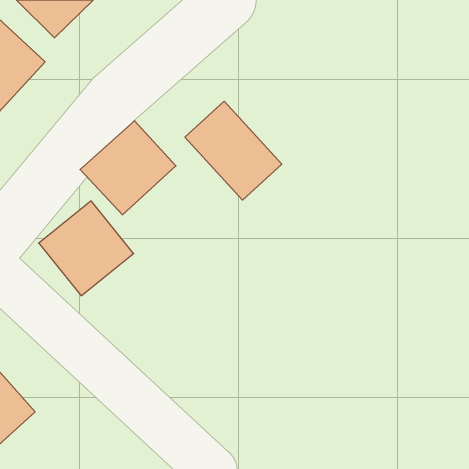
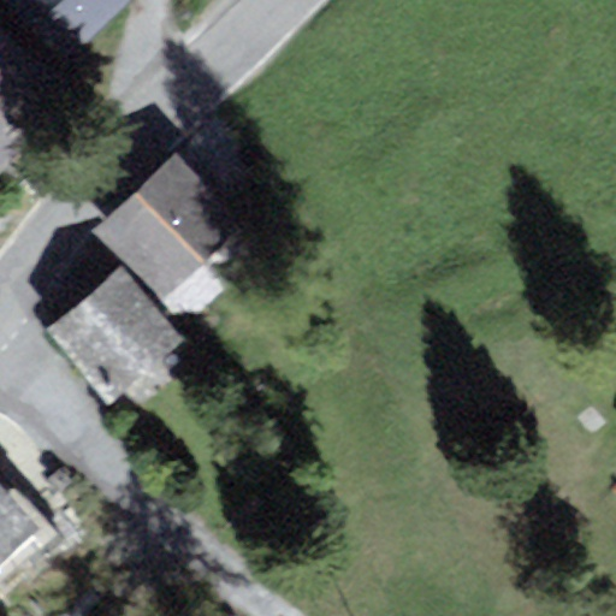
building: [185,101,282,200] -> none

